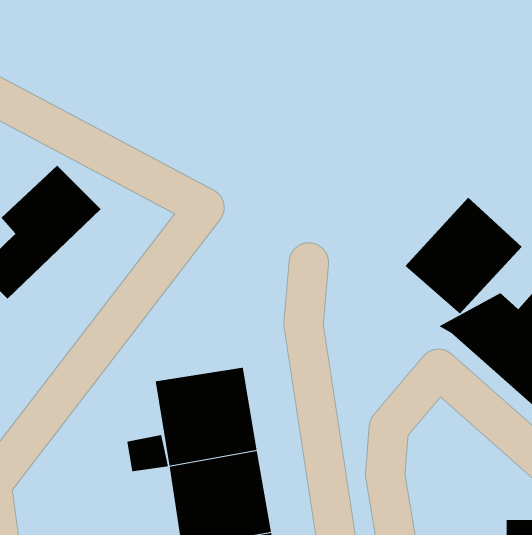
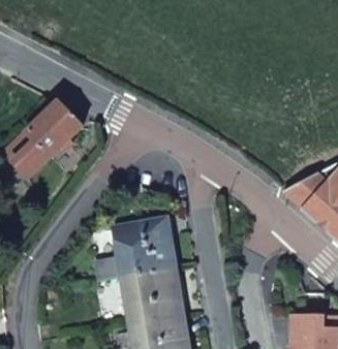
building: [404,197,522,315] -> none

